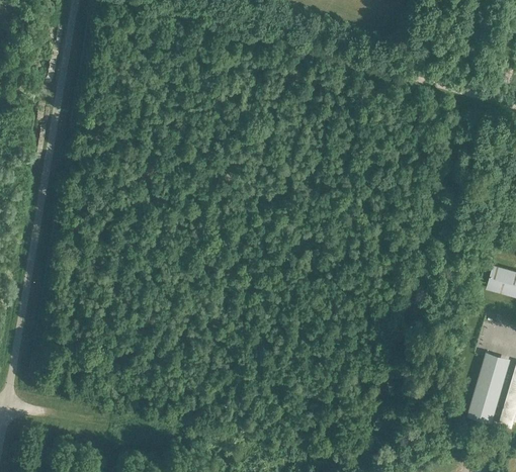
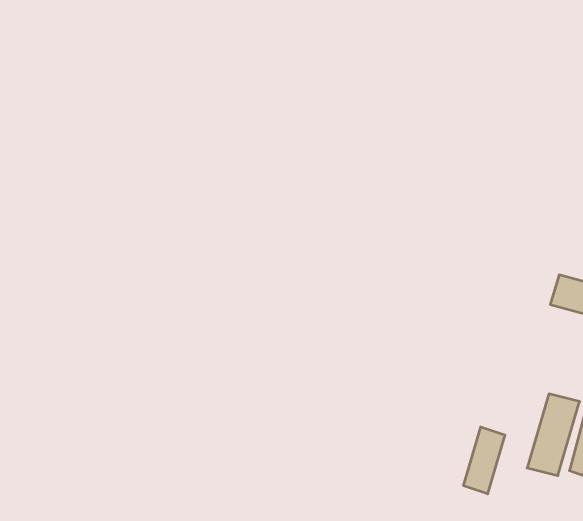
building: none -> [464,427,505,494]

